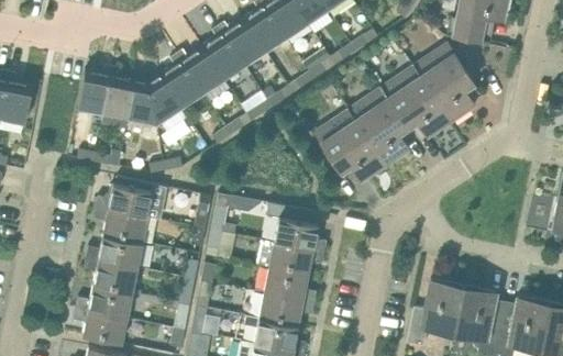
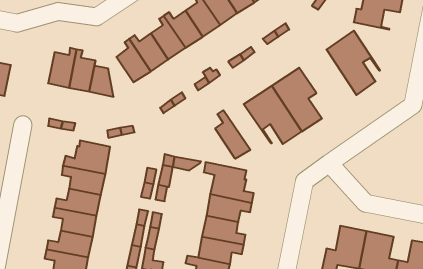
building: [382,67,451,137] -> none
building: [151,76,181,124] -> none
building: none -> [215,110,250,159]

